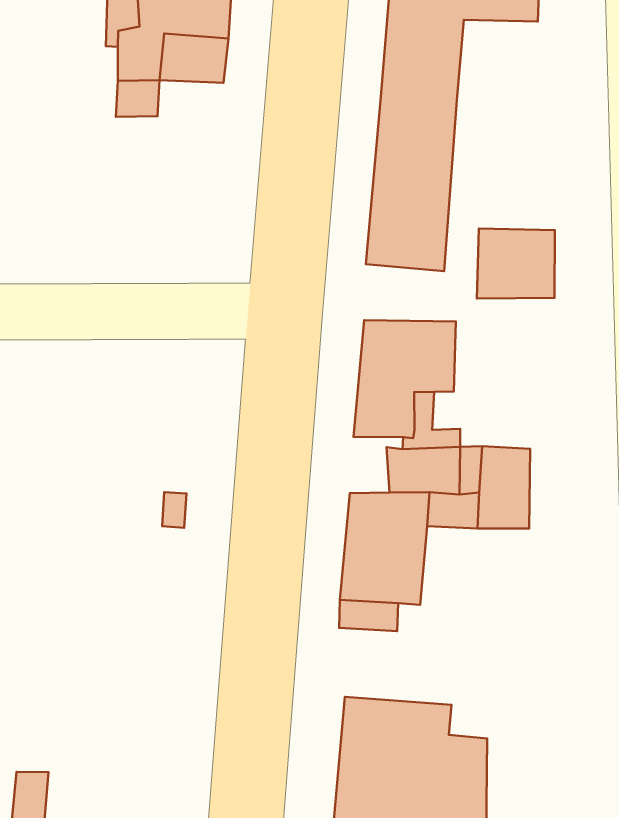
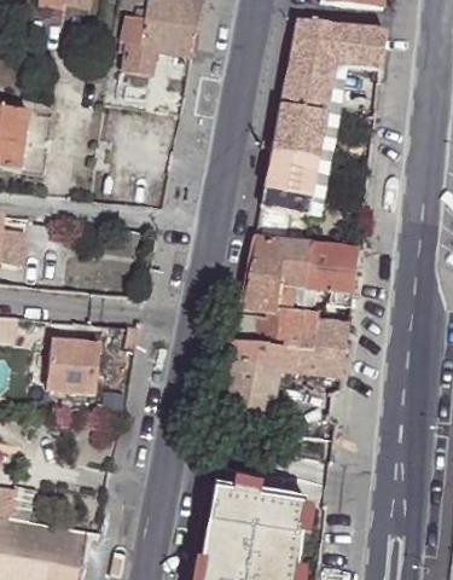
building: [477,229,555,299] -> [307,240,359,288]
building: none -> [43,336,97,392]

